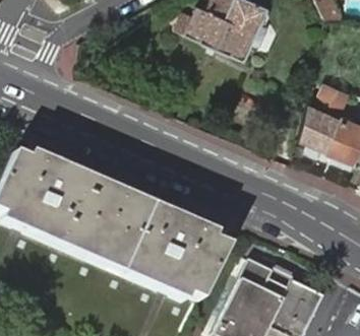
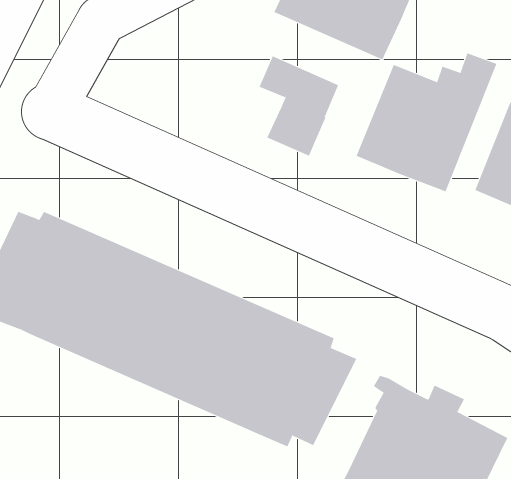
building: none -> [356,52,497,192]
building: none -> [259,55,339,156]

